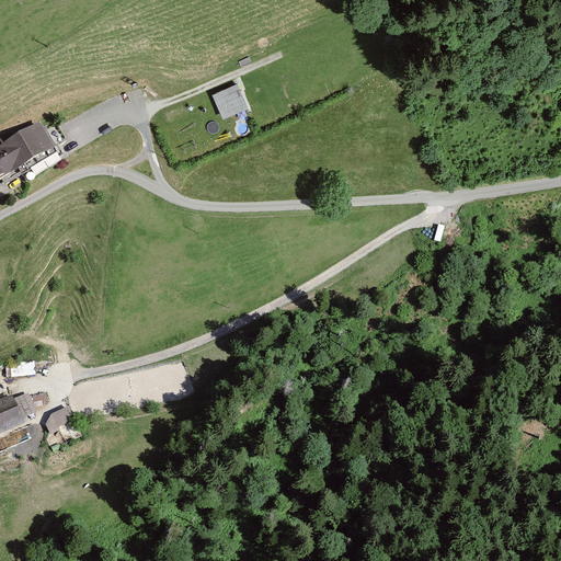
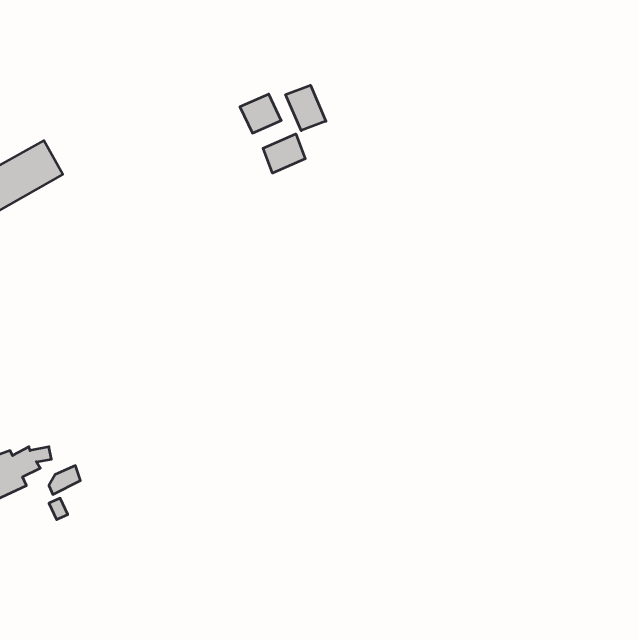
building: none -> [286,85,326,131]
building: none -> [263,134,305,173]

